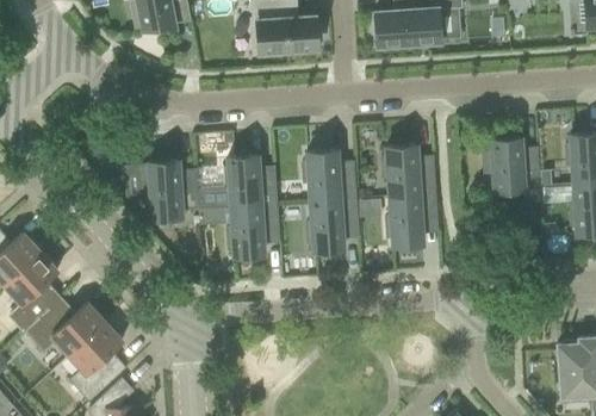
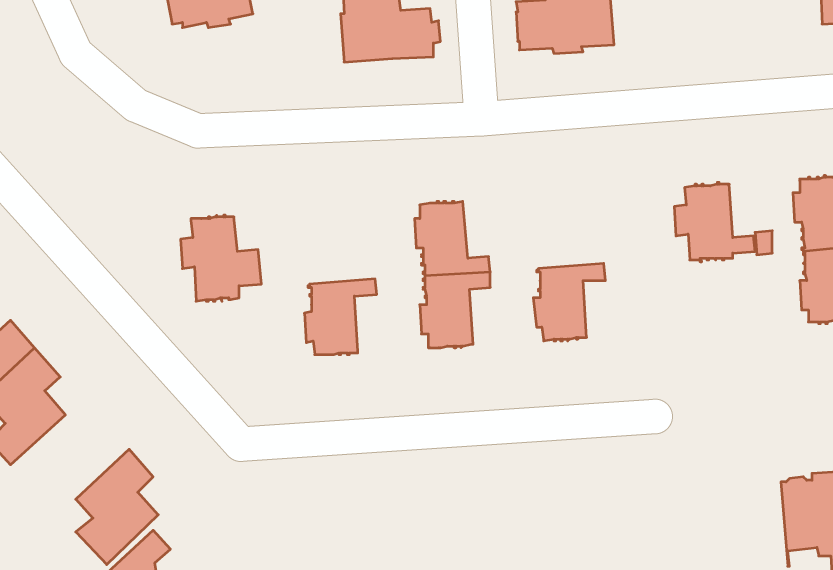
building: [383,144,435,197] -> none
building: [198,155,277,210] -> none
building: [24,298,106,356] -> none

